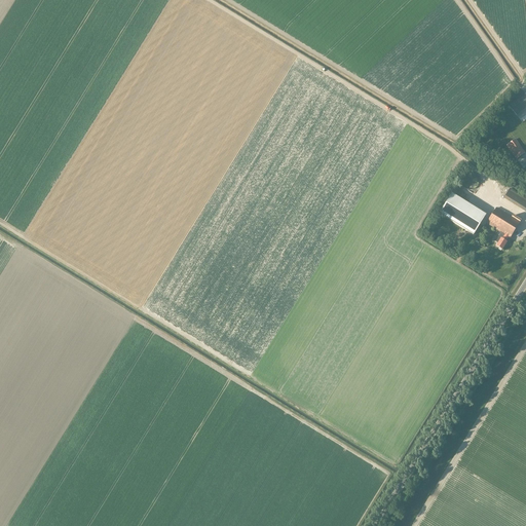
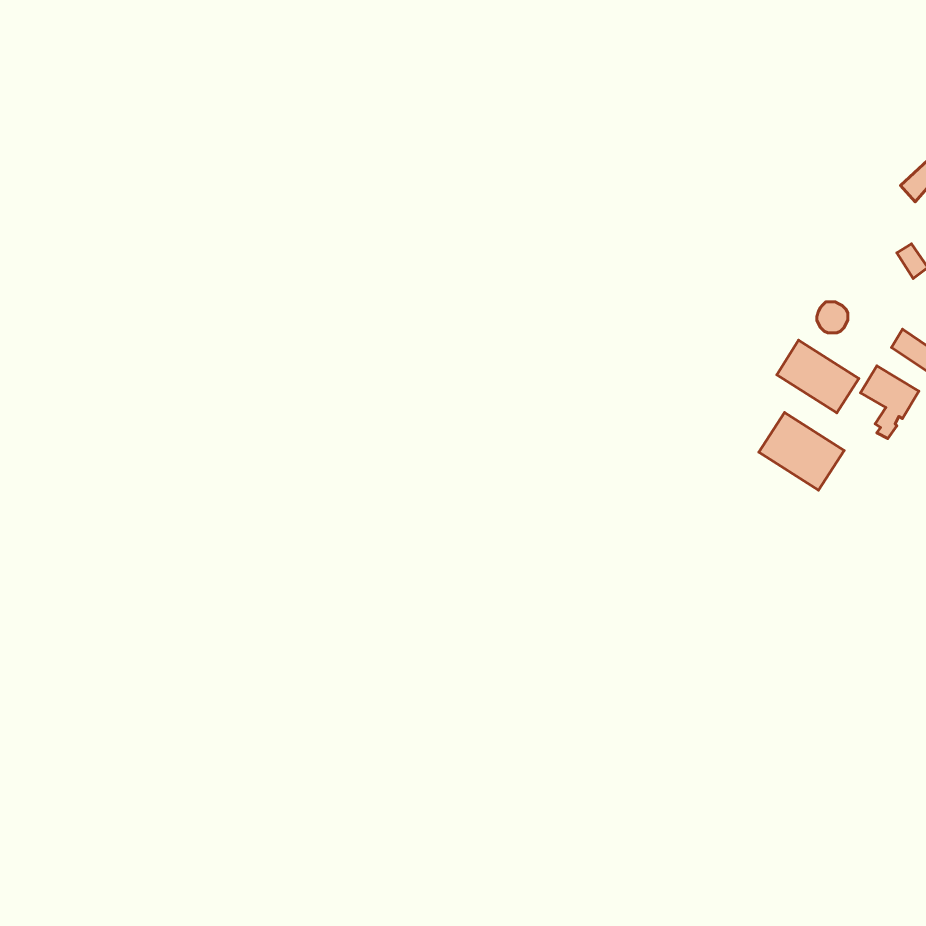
building: none -> [759,412,844,490]

